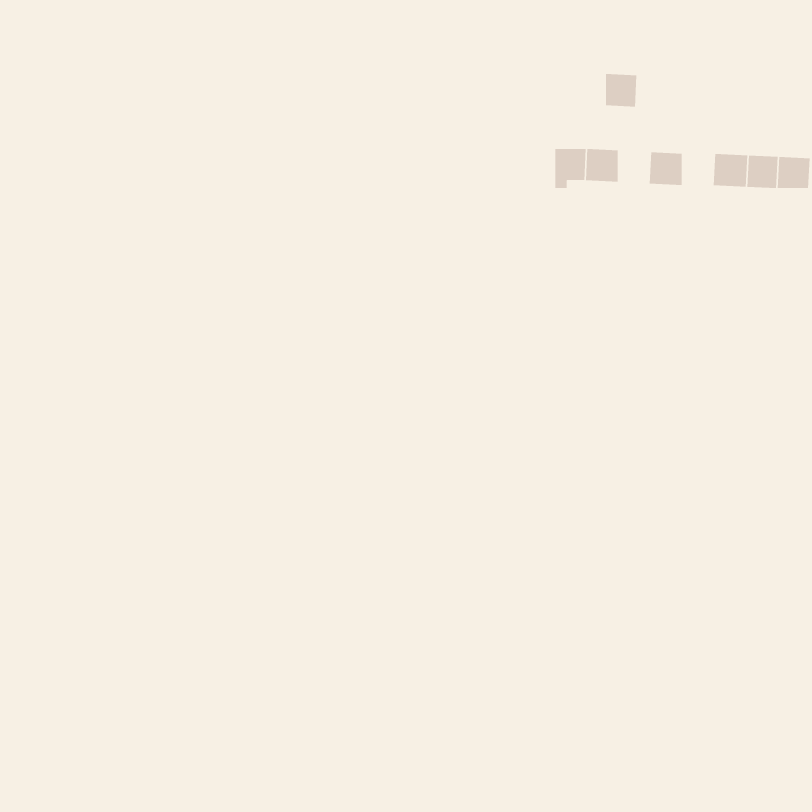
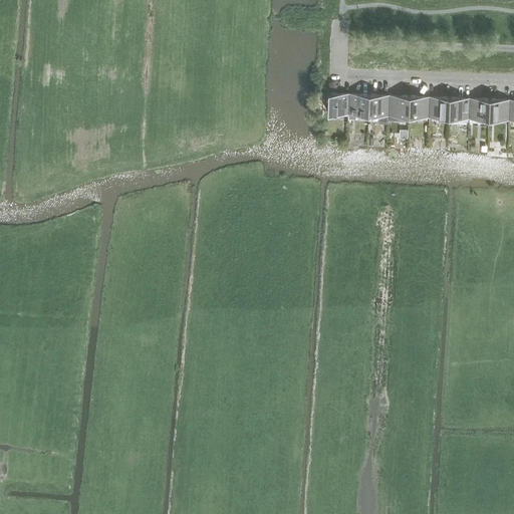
building: [605,74,637,107] -> [392,97,412,118]
building: none -> [330,95,351,116]
building: none -> [432,99,452,119]

